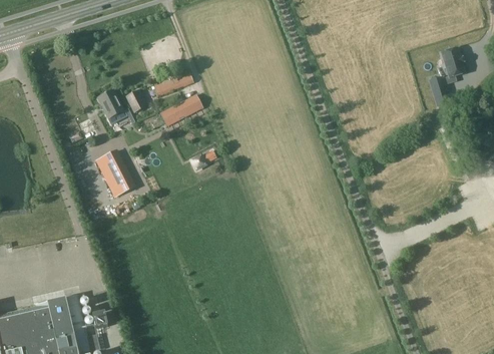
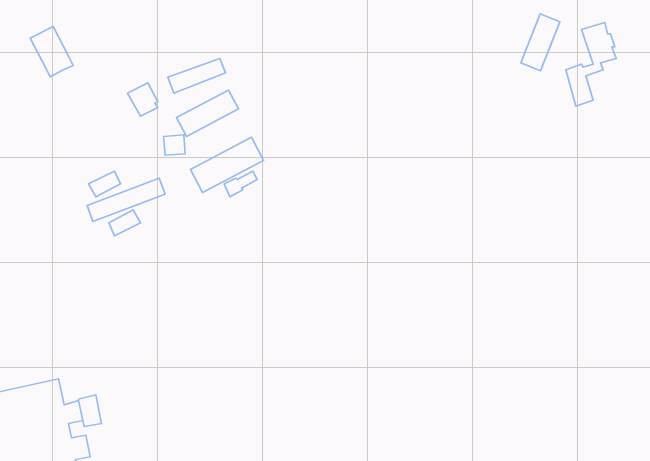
building: none -> [521,14,560,71]
building: [96,89,126,124] -> [30,26,73,77]
building: none -> [190,137,263,193]

